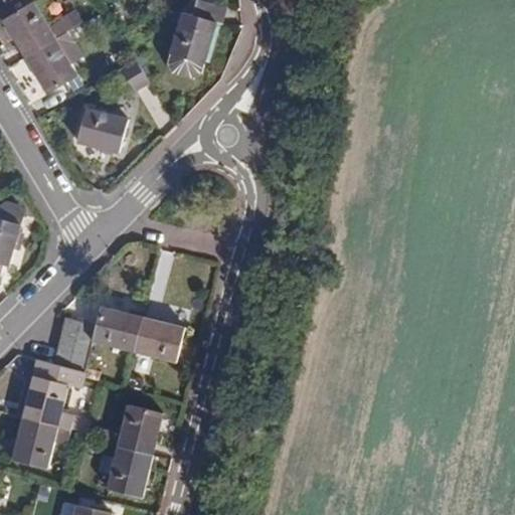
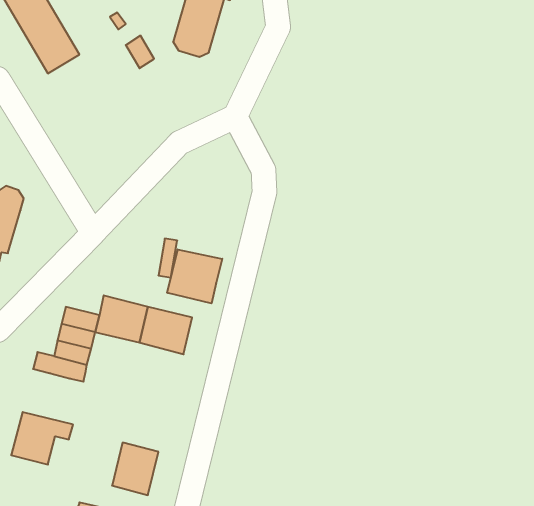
building: [75,107,128,153] -> none
building: none -> [167,249,222,303]
building: [22,376,73,430] -> none
building: [98,403,163,456] -> none

